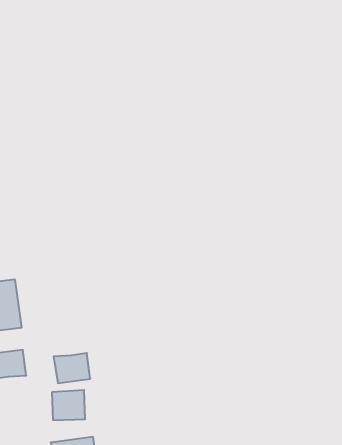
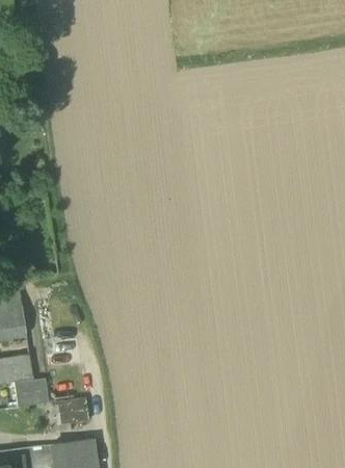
building: [54,353,90,383] -> [15,379,49,407]

